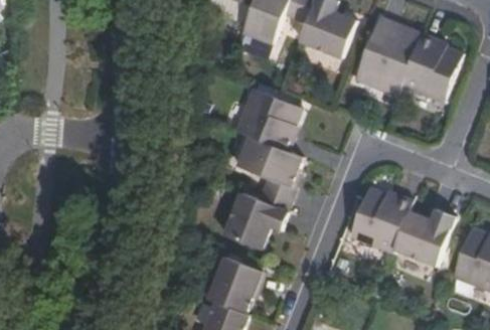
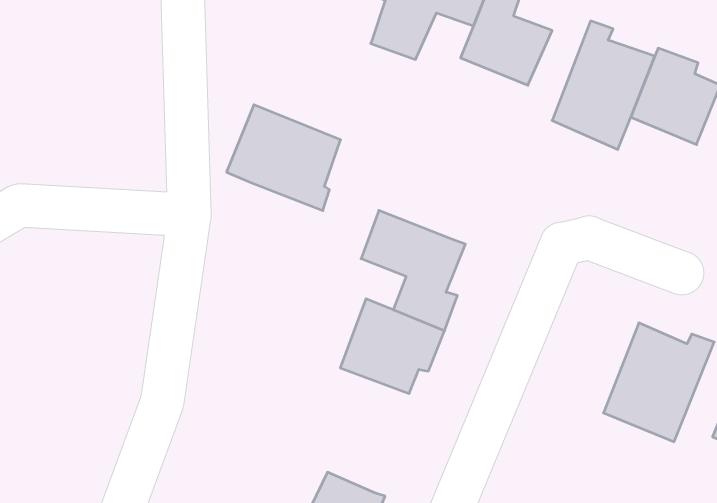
building: [232,87,304,153] -> [227,105,341,211]
building: [355,184,410,234] -> none
building: [202,254,267,312] -> none

